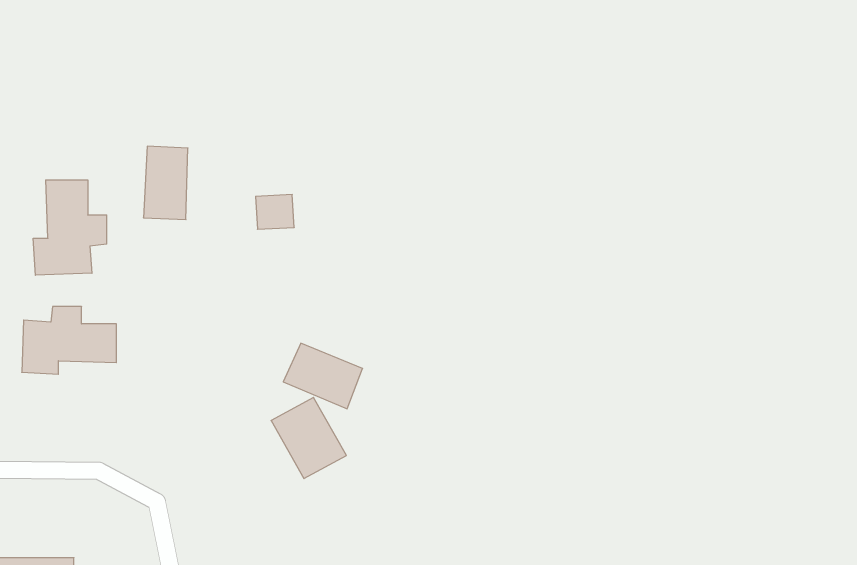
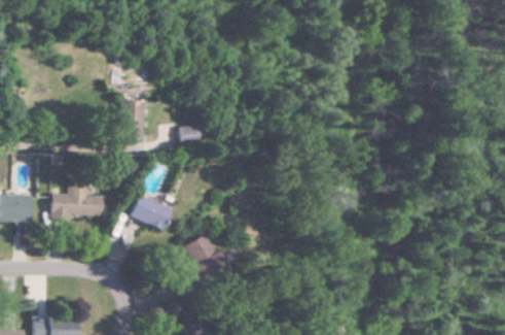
building: [33,180,107,275] -> none
building: [283,343,363,409] -> [129,196,171,231]

